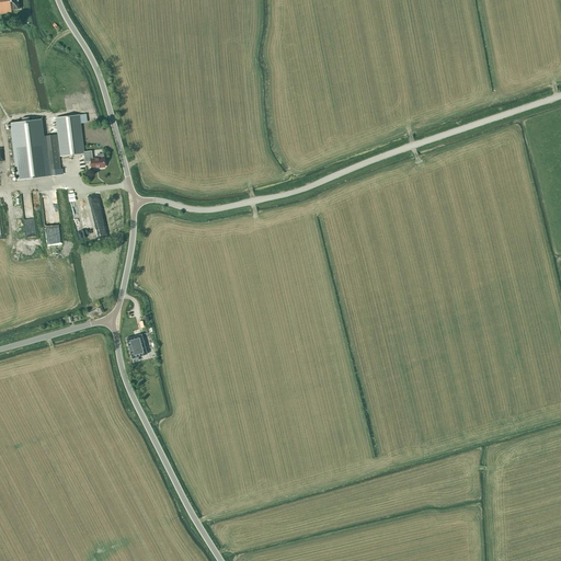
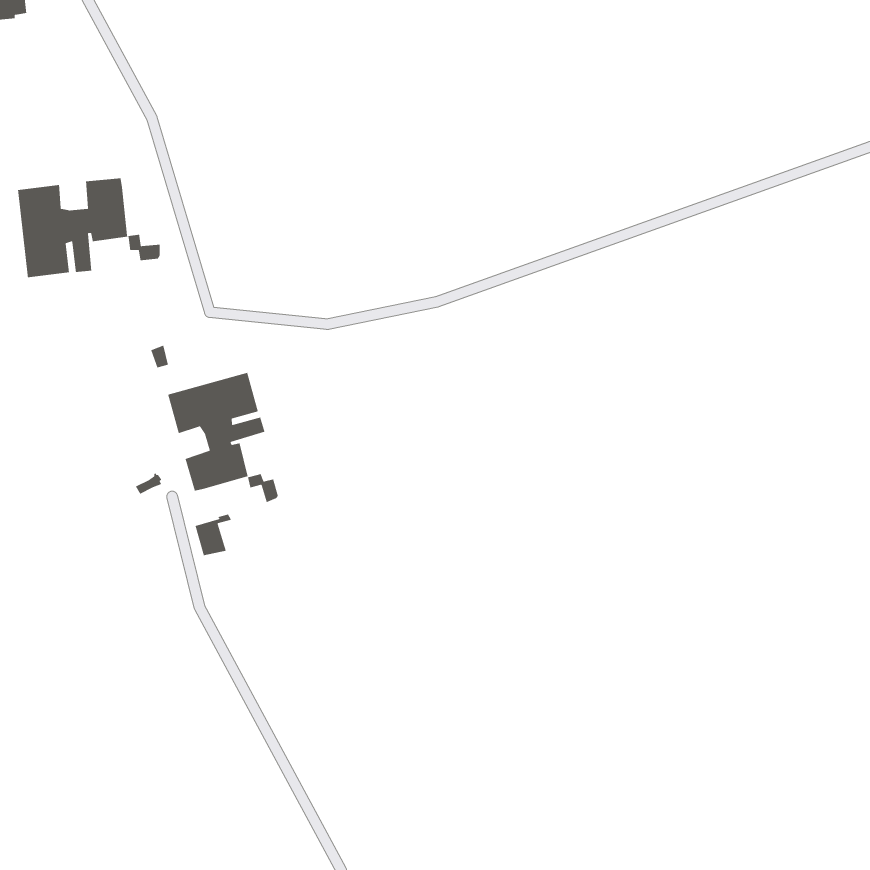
building: none -> [167,372,279,503]

